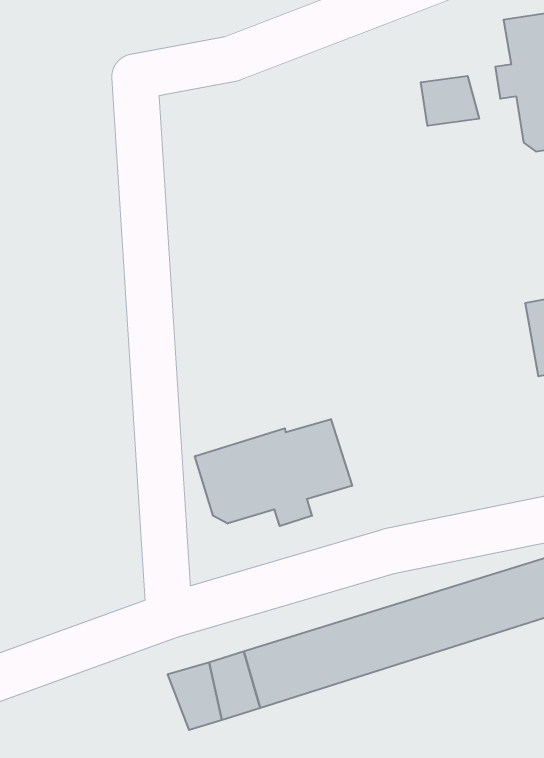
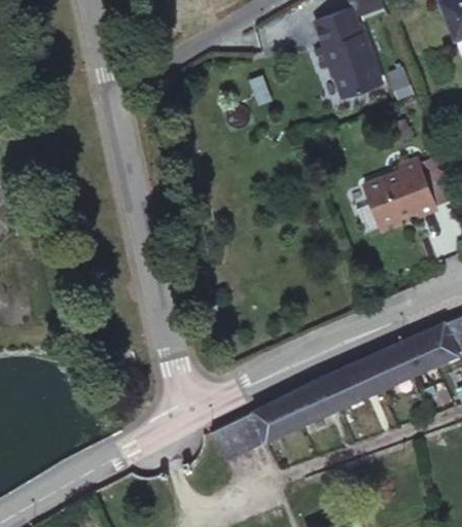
building: [421,76,479,126] -> none
building: [195,419,352,526] -> none

